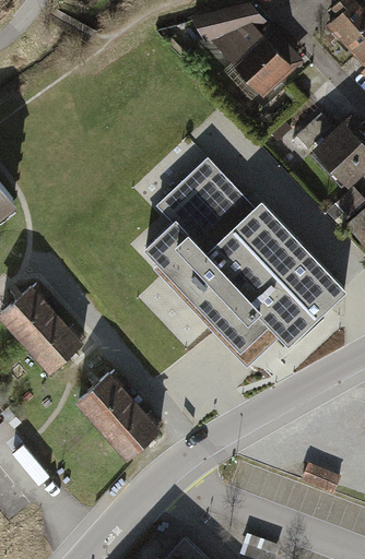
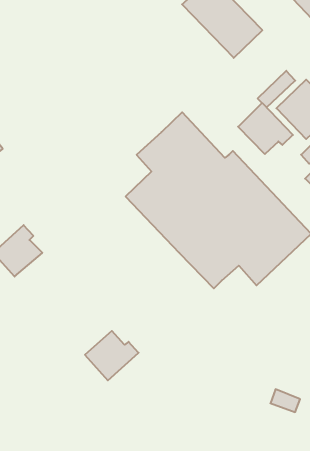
building: none -> [238,103,293,154]
building: [24,316,83,369] -> none
building: [78,371,131,428] -> none

